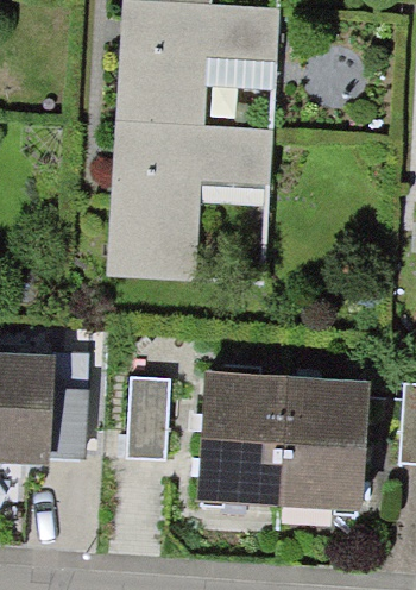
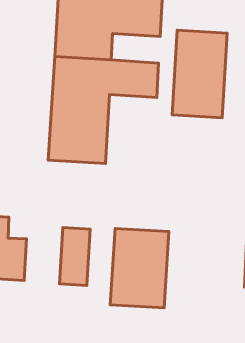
building: none -> [172,30,227,118]
building: [279,381,366,498] -> none

